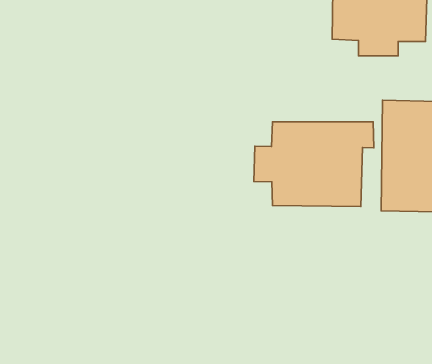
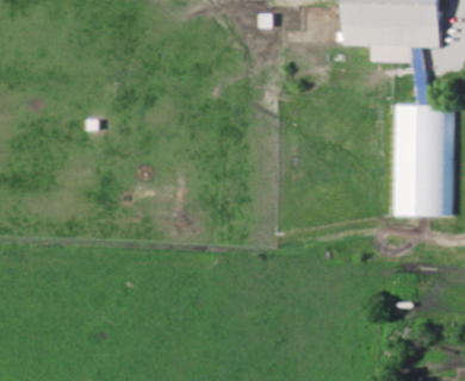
building: [254,122,374,206] -> none

